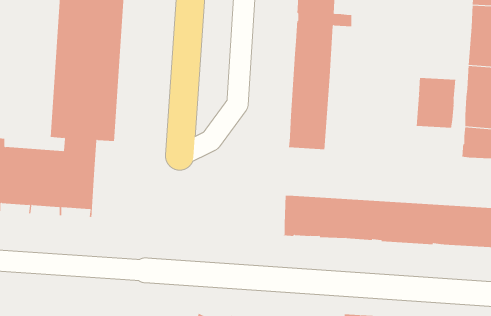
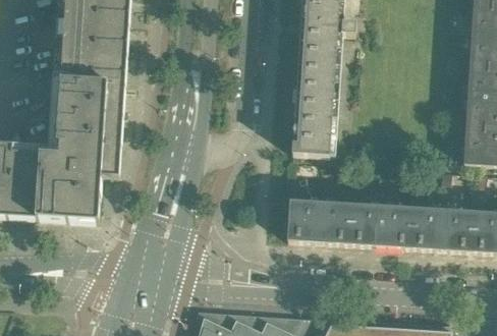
building: [416,77,456,129] -> none

